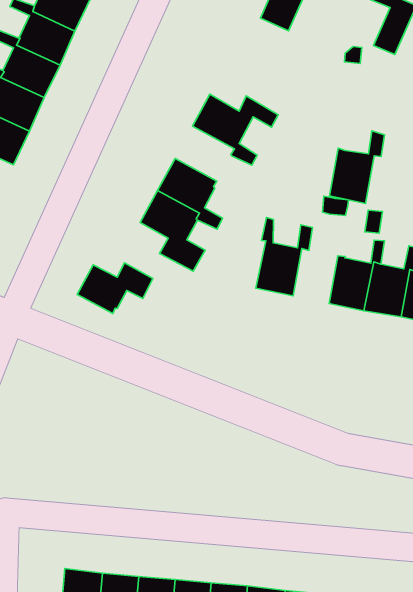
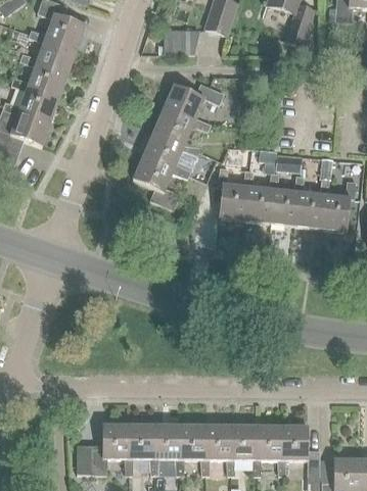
building: none -> [171,28,199,52]
building: none -> [153,107,200,154]
building: [330,131,385,203] -> [244,171,279,223]
building: [77,263,153,314] -> none

